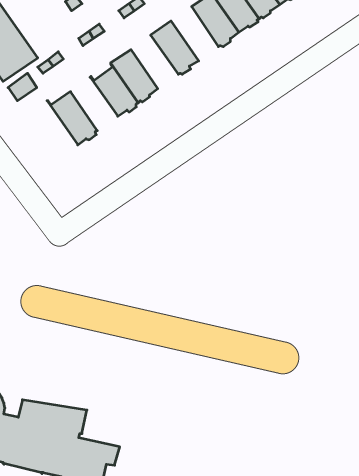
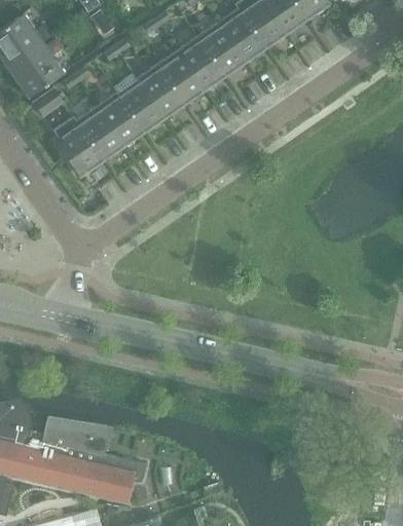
building: none -> [197,22,245,76]
building: none -> [157,50,205,104]
building: none -> [97,92,144,146]
building: none -> [53,116,104,175]

